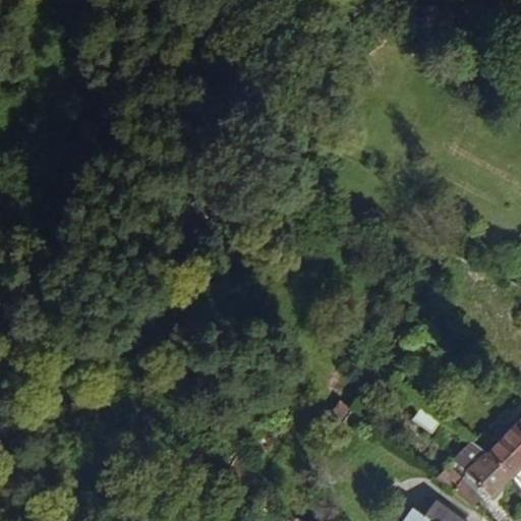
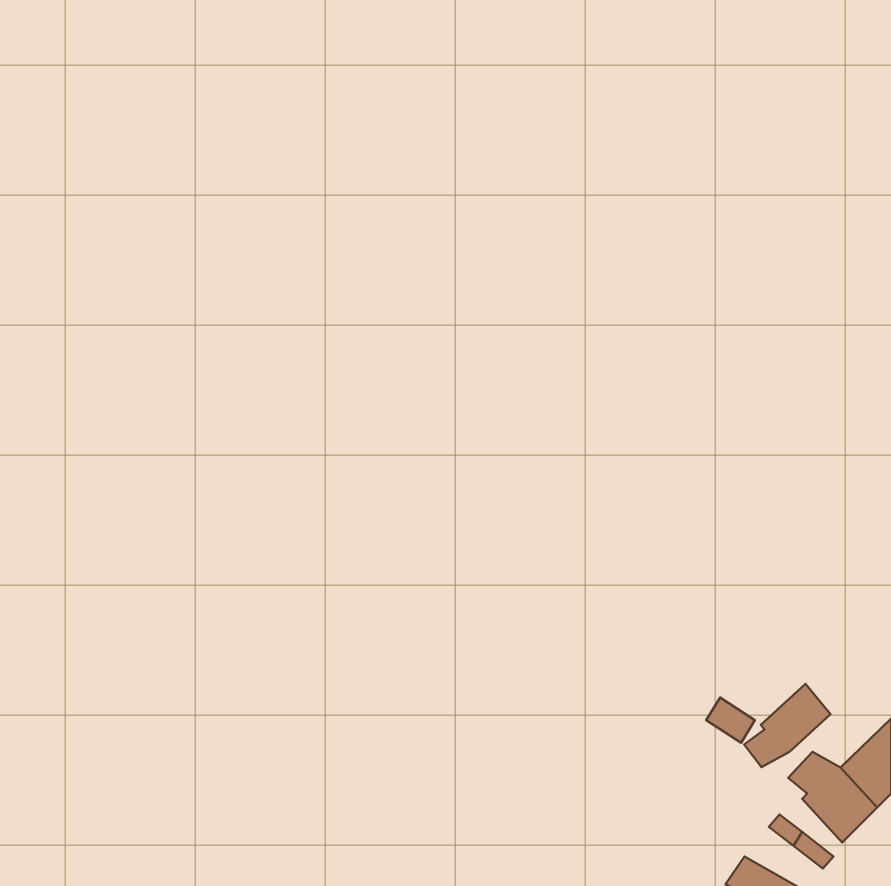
building: none -> [744,684,830,767]

